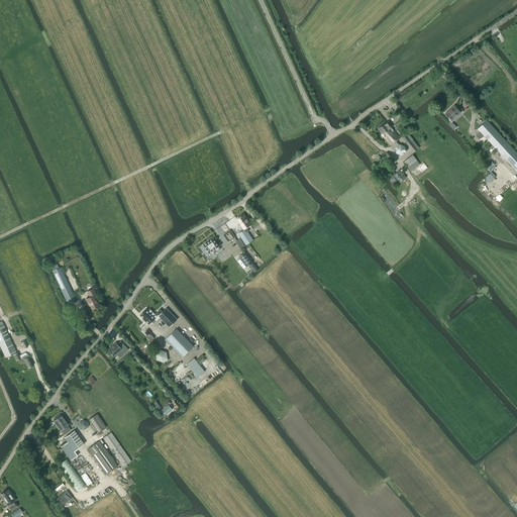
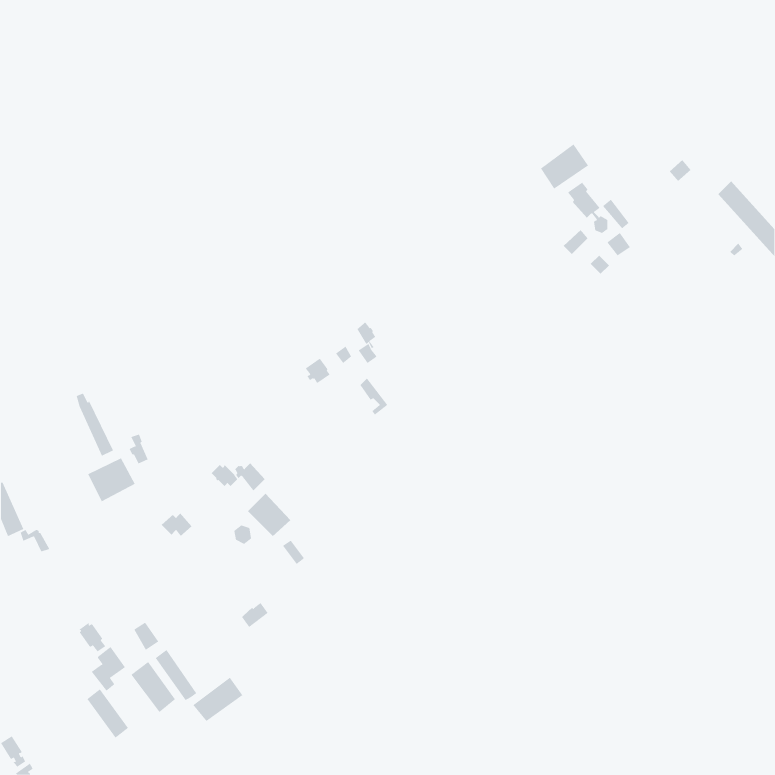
building: none -> [540,144,589,190]
building: none -> [88,457,135,502]
building: none -> [193,677,243,722]

